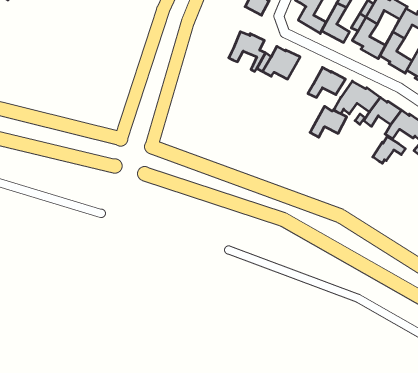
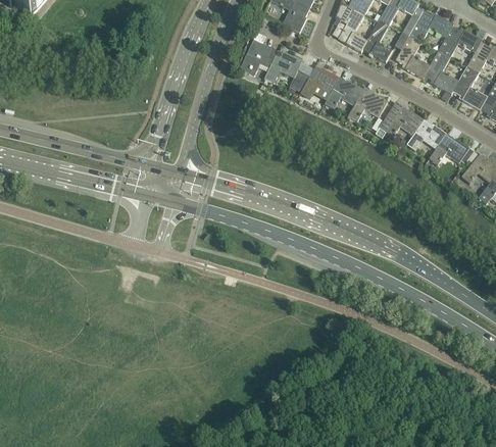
building: none -> [239,38,276,75]
building: [310,106,347,137] -> [324,77,362,109]
building: [373,137,405,163] -> none

